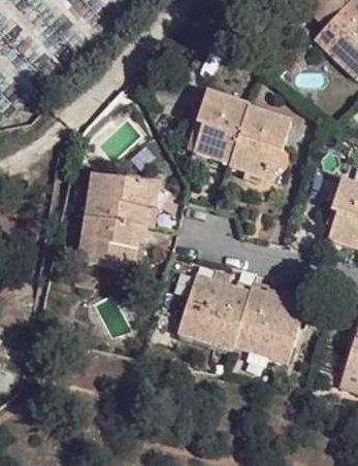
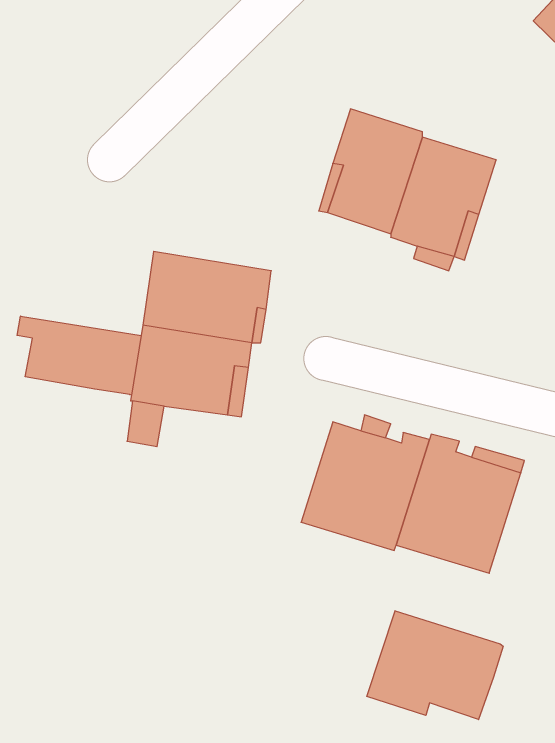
building: none -> [17,316,141,395]
building: none -> [367,611,503,720]

